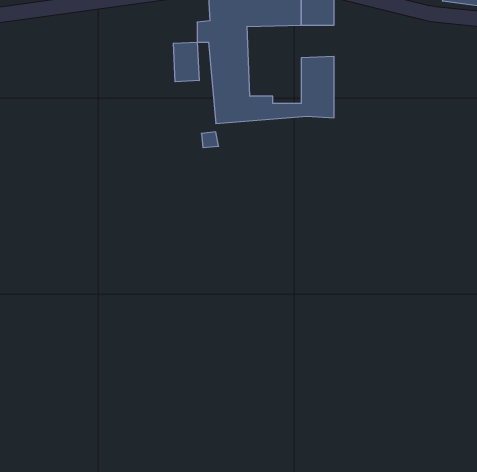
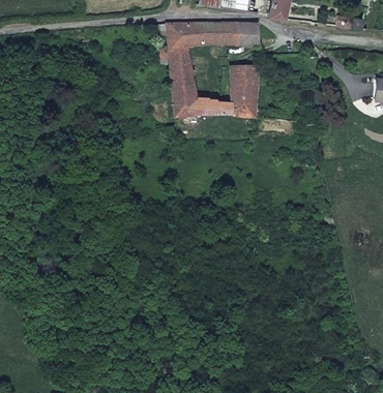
building: [173,42,199,82] -> none

